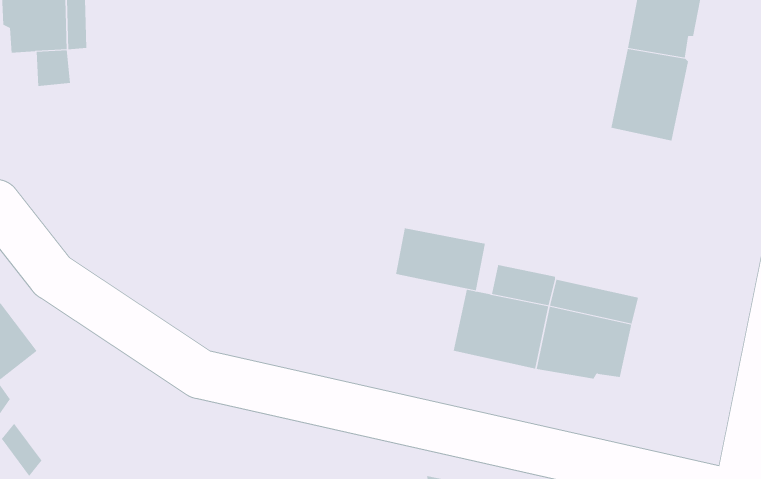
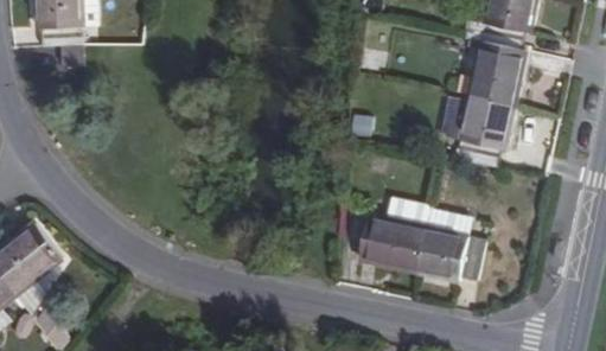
building: none -> [455,98,512,167]
building: [395,228,486,291] -> none

